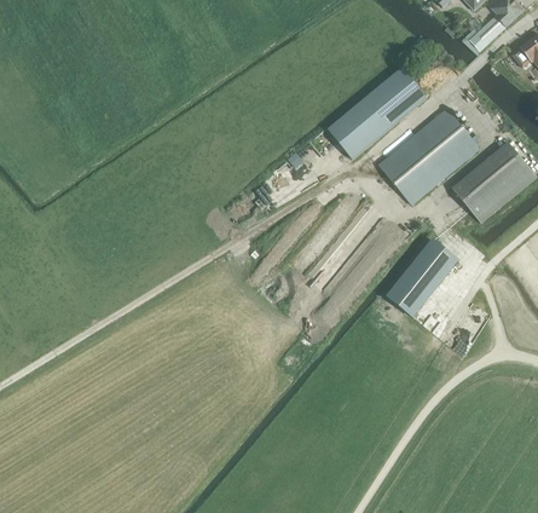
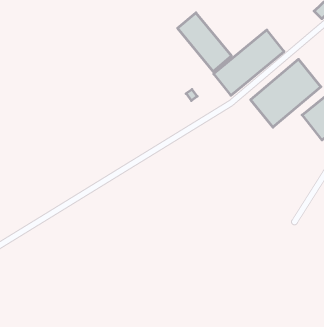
building: none -> [178,13,231,71]
building: [388,240,458,316] -> none

